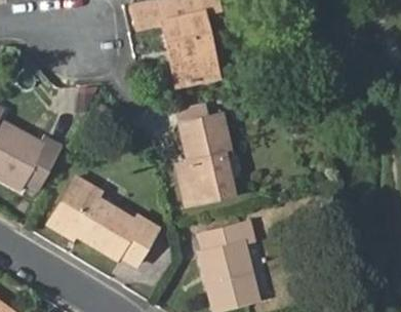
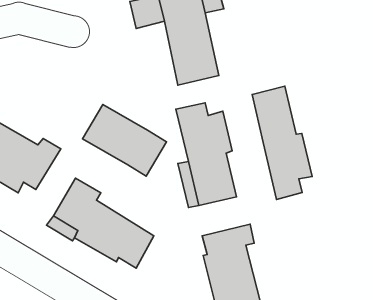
building: none -> [252,86,312,199]
building: none -> [82,104,167,176]

